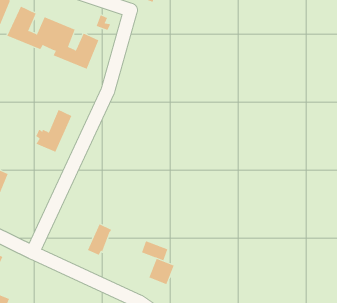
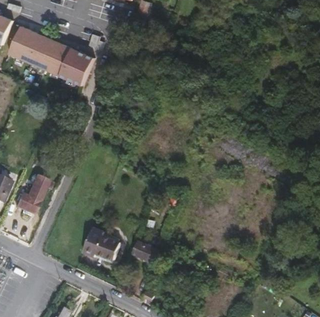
building: [35,109,72,152] -> [13,174,47,214]
building: [148,258,174,285] -> [96,236,120,261]

